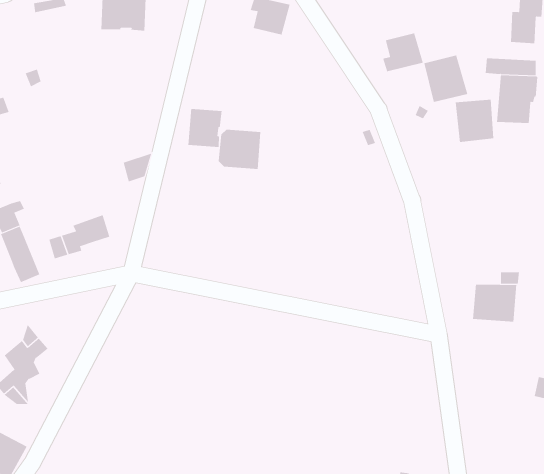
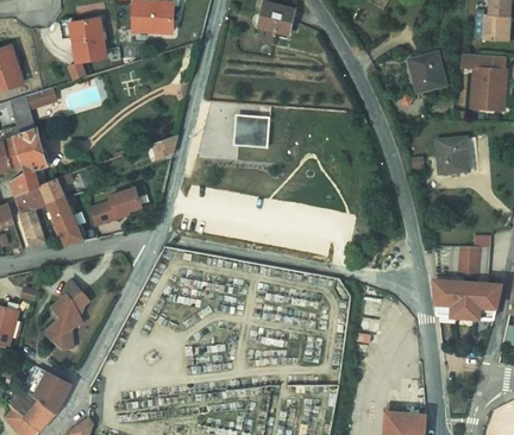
building: none -> [71,18,106,61]
building: [382,32,423,72] -> none
building: [455,99,494,143] -> [435,137,469,174]
building: [188,108,222,148] -> none
building: none -> [435,279,499,317]

